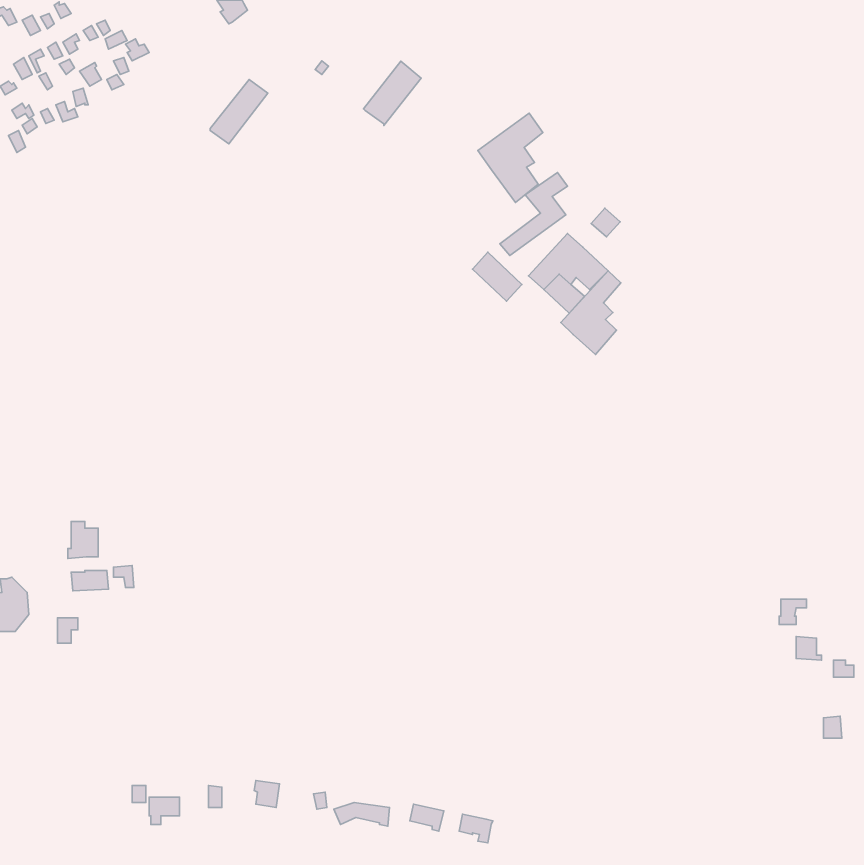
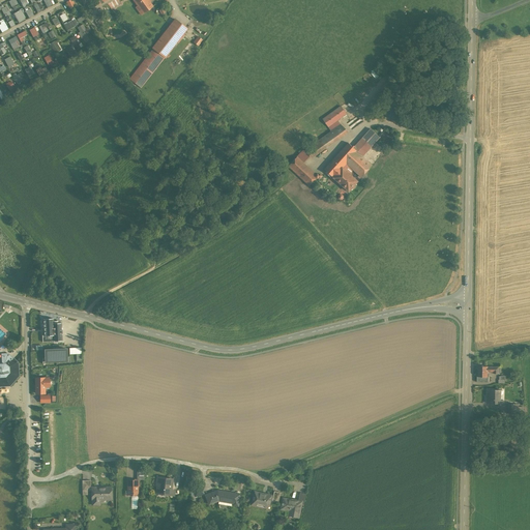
building: [363,61,421,126] -> [151,19,186,58]
building: [478,113,543,202] -> none
building: [561,271,621,355] -> none

